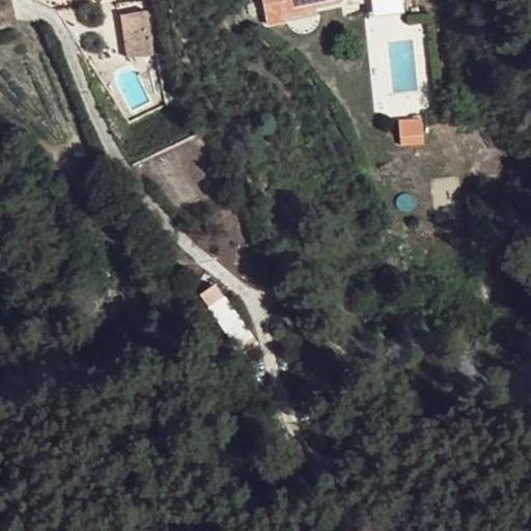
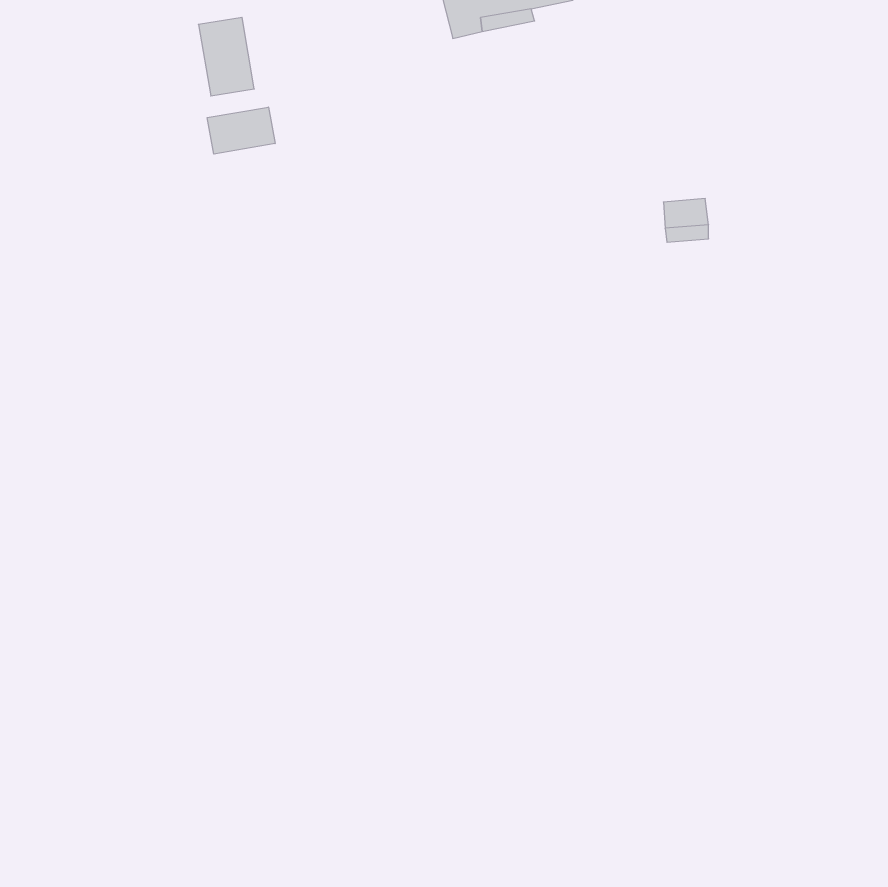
building: none -> [207,107,275,154]

